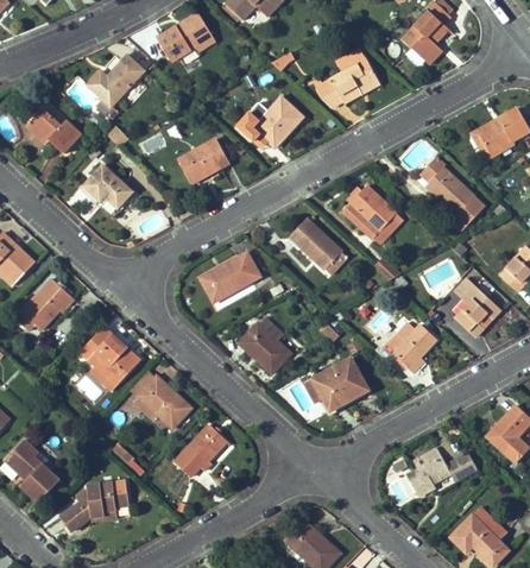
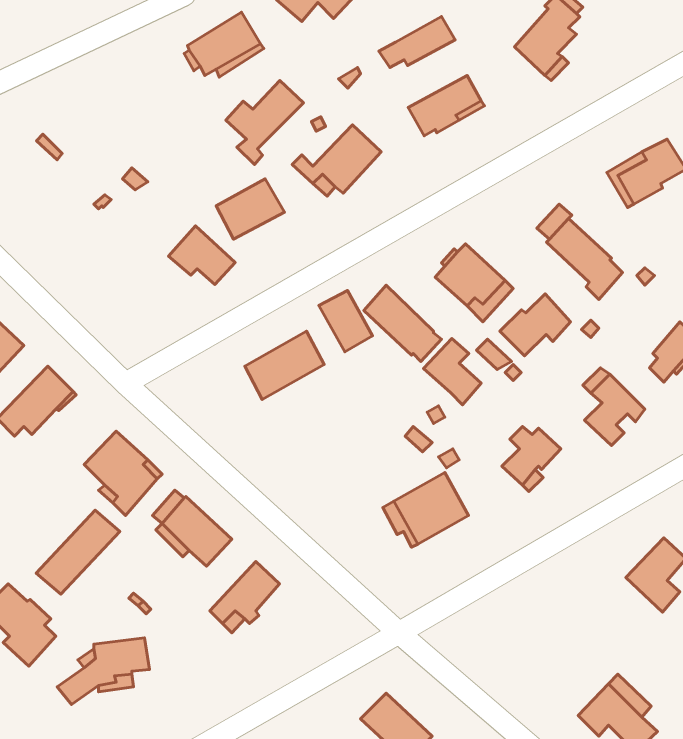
building: none -> [379,16,455,67]
building: [86,55,144,118] -> [226,80,304,165]
building: [27,109,81,152] -> none
building: [82,164,132,208] -> [169,226,235,285]
building: none -> [319,290,373,352]
building: none -> [500,294,571,356]
building: none -> [424,338,481,405]
building: [238,317,290,372] -> none
building: none -> [36,510,120,594]
building: [408,448,477,496] -> none

